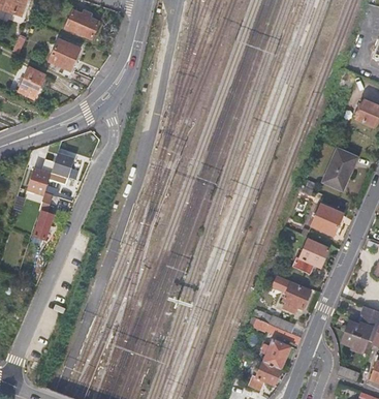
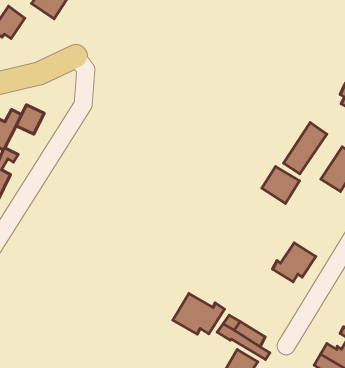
building: none -> [283,123,327,174]
building: [312,204,344,235] -> [262,167,299,204]
building: [282,282,311,313] -> none
building: none -> [173,294,224,334]

